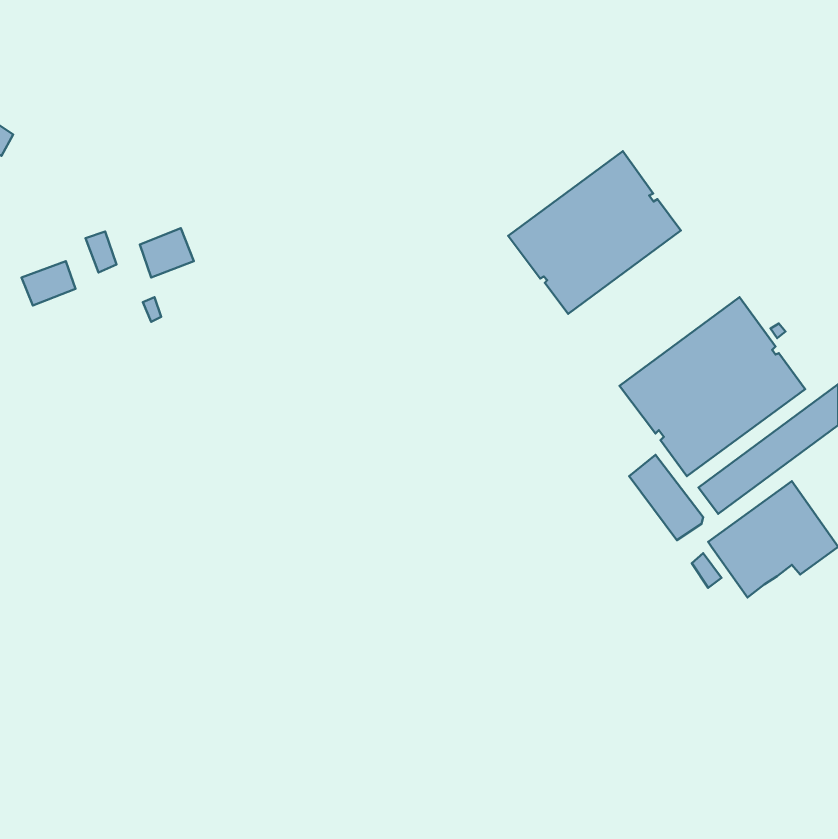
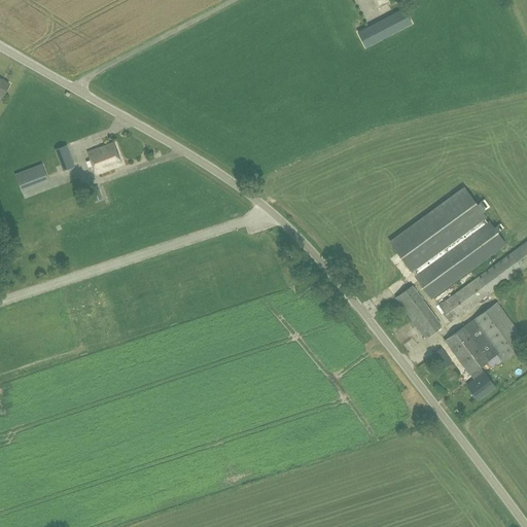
building: none -> [357,8,411,47]
building: [508,151,681,314] -> none
building: none -> [466,366,494,399]

